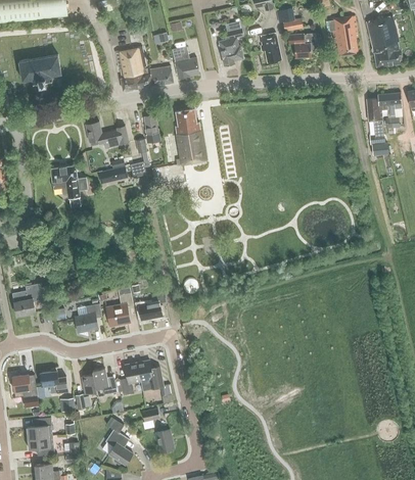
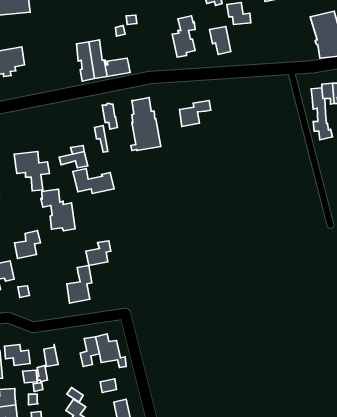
building: [326,15,358,54] -> none
building: [287,33,319,57] -> none
building: [172,46,199,78] -> none
building: none -> [179,101,211,126]
building: [85,122,129,148] -> [73,169,114,194]
building: none -> [41,189,75,231]
building: [139,294,166,321] -> [86,241,111,266]
building: [75,303,102,333] -> [14,231,40,258]
building: [93,369,118,396] -> none

